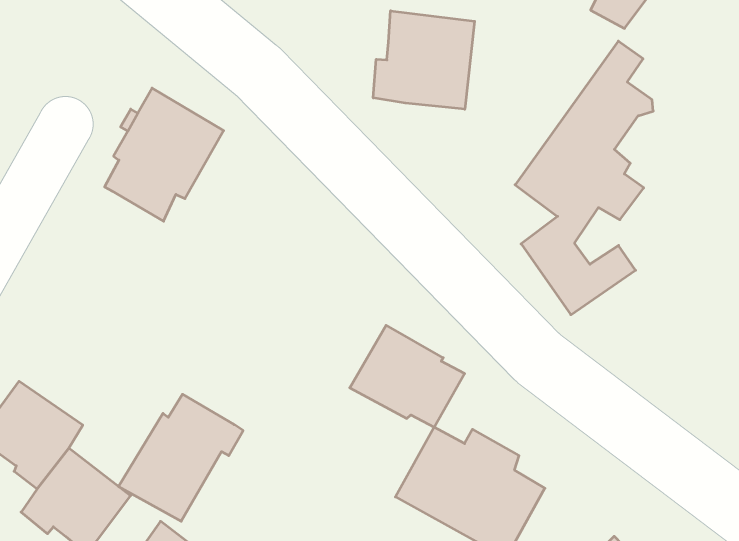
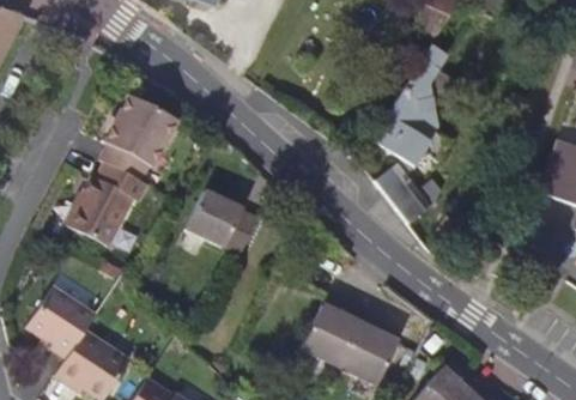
building: [373,11,475,109] -> none
building: [350,325,465,427] -> [183,189,257,254]
building: [119,394,243,521] -> [66,162,145,244]

